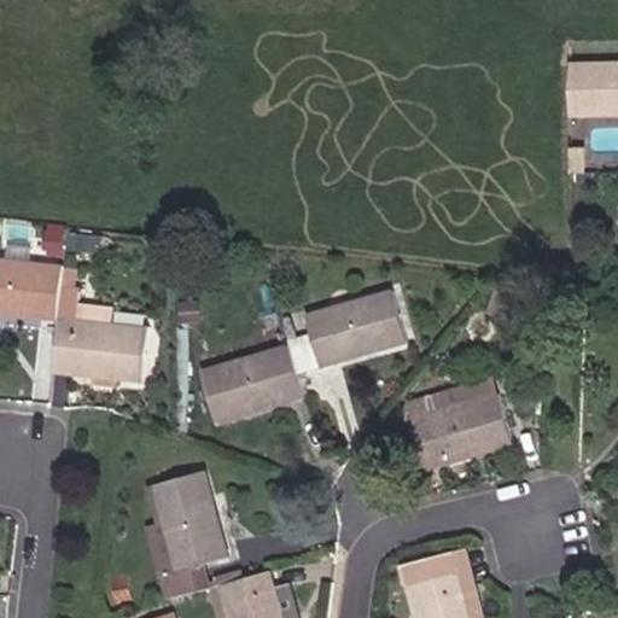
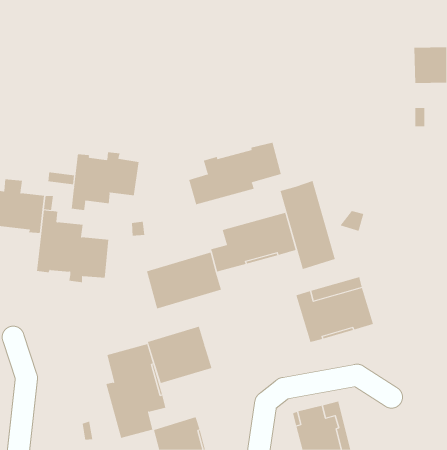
building: none -> [188,142,282,205]
building: none -> [71,152,139,211]
building: none -> [280,180,336,270]
building: none -> [147,326,212,384]

